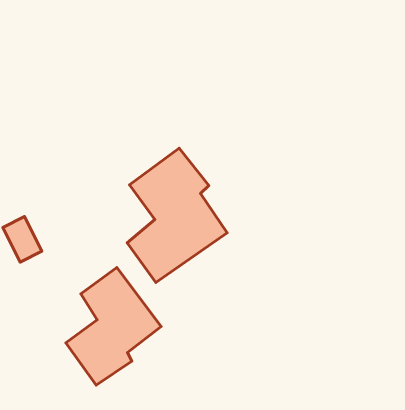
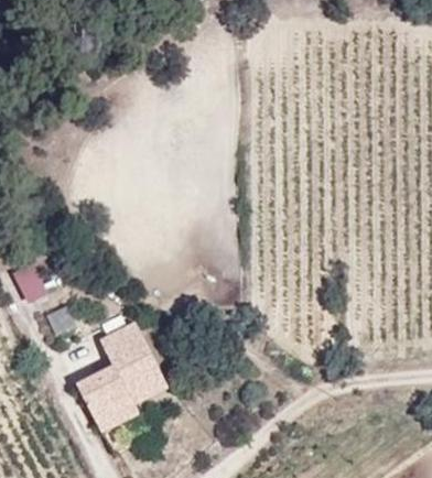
building: [127,148,227,282] -> none

